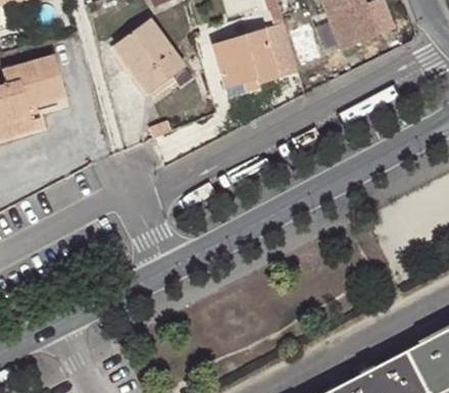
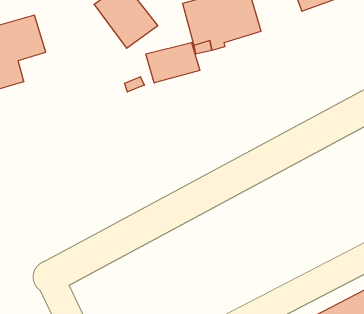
building: none -> [146,42,200,83]

